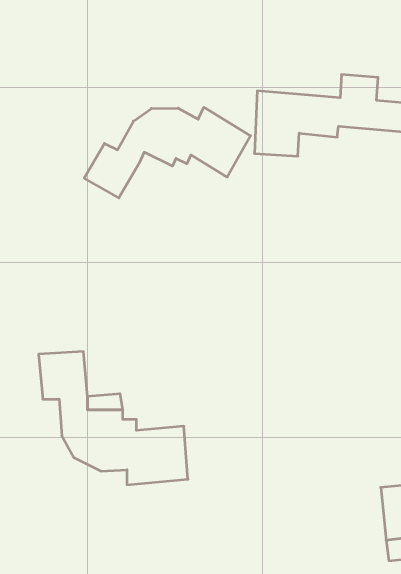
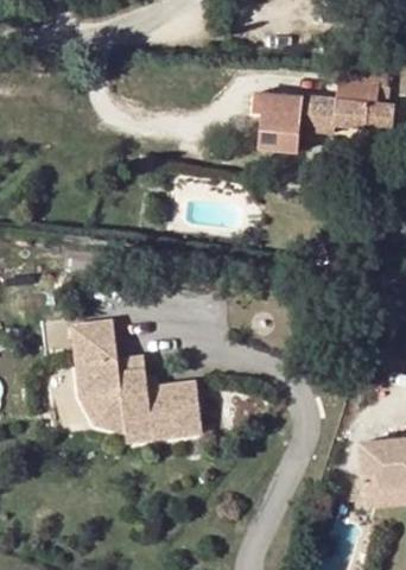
building: [84,107,251,198] -> none

